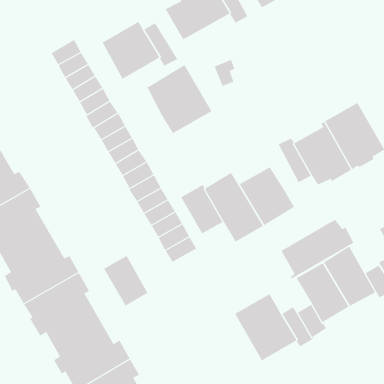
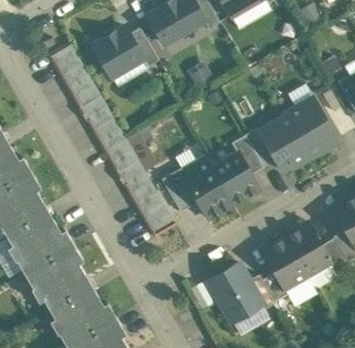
building: [146,64,212,134] -> none
building: none -> [230,136,262,175]
building: [281,219,354,280] -> none
building: [103,255,148,307] -> none

